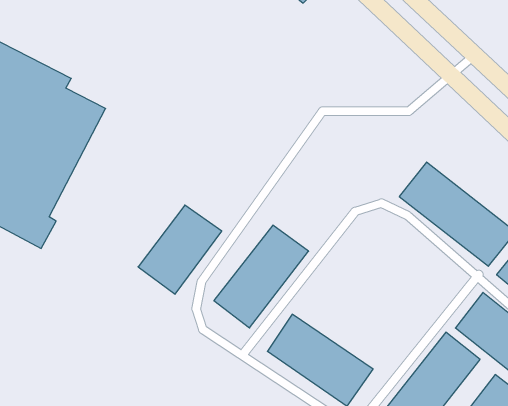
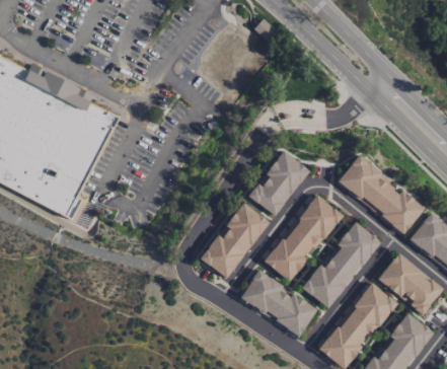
building: [138,205,222,294] -> [248,151,310,217]
building: none -> [264,195,342,282]
building: none -> [302,221,381,308]

